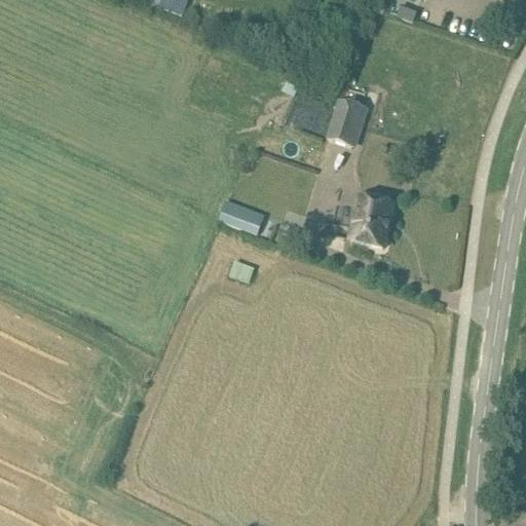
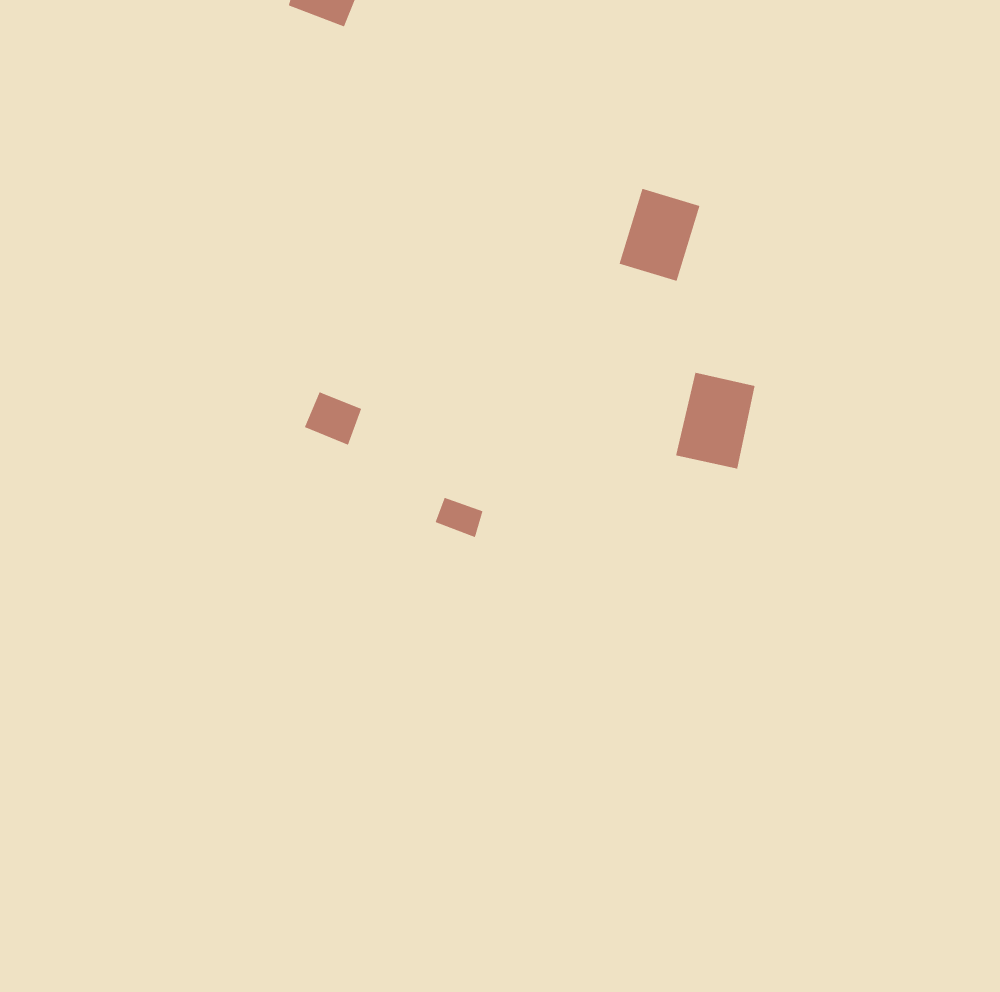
building: [218,199,249,228] -> [304,391,362,446]

